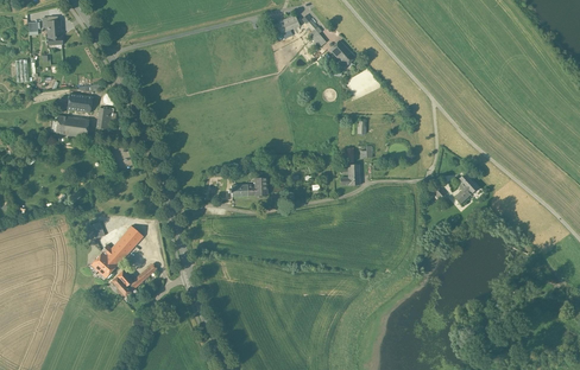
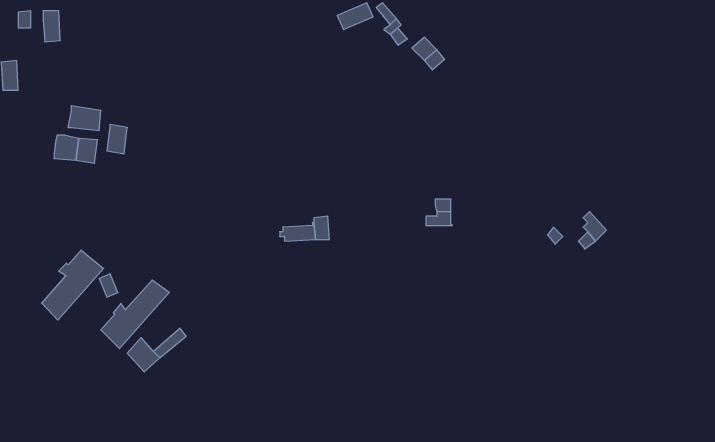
building: none -> [42,250,104,320]

